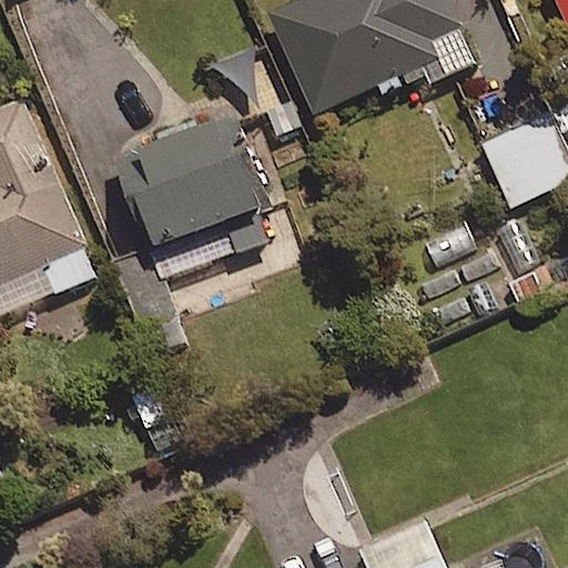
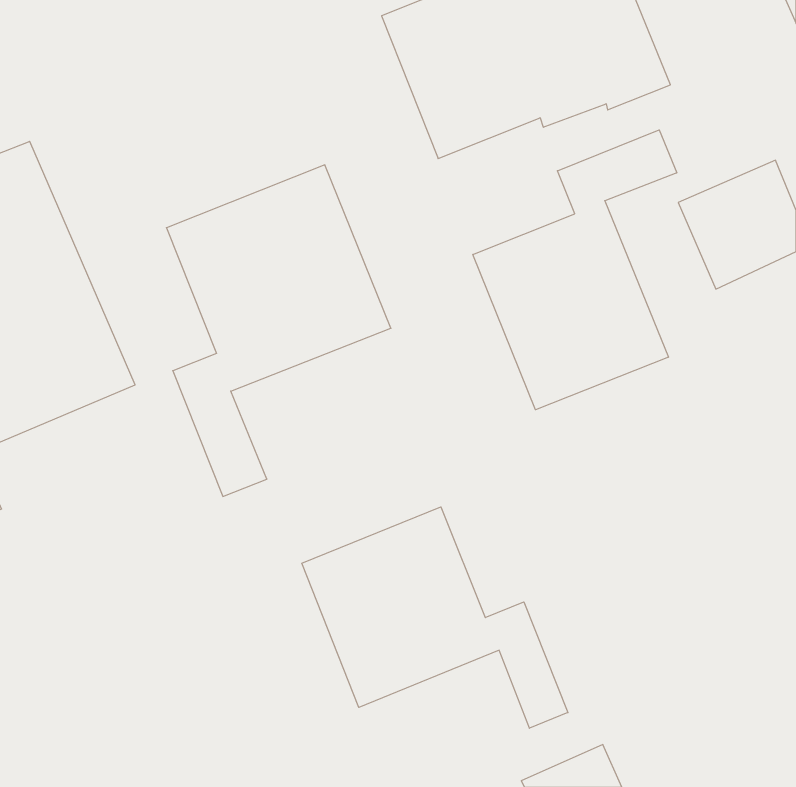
building: none -> [473,130,677,410]
building: none -> [302,507,568,728]

